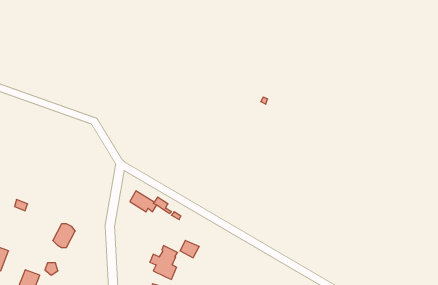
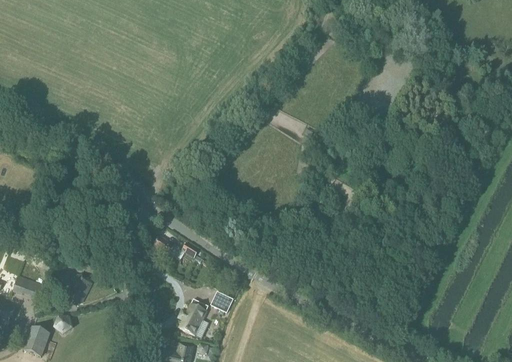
building: none -> [12,274,47,302]

